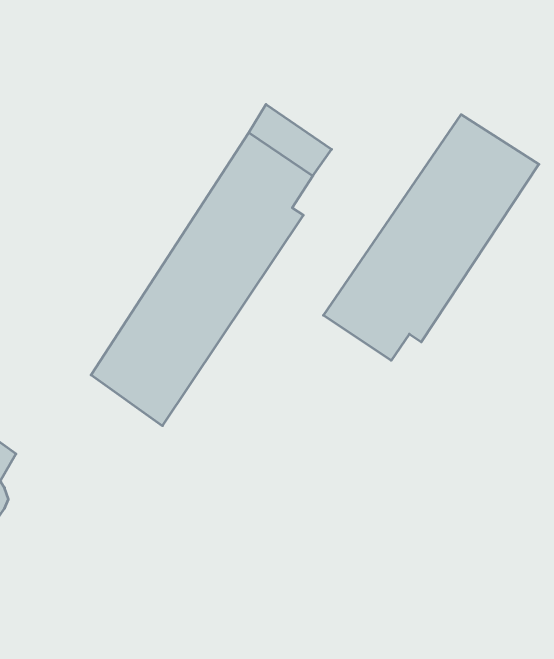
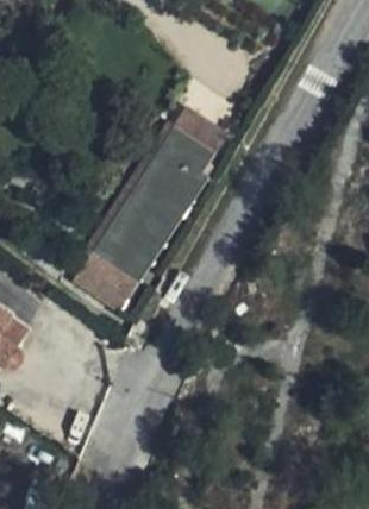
building: [323,115,539,360] -> none

